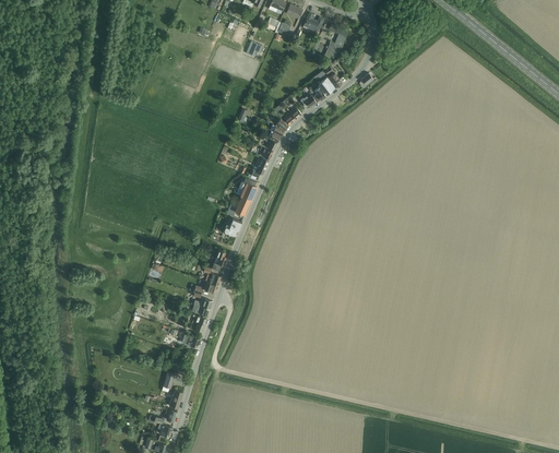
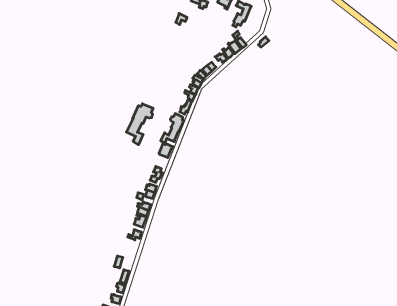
building: none -> [126,104,153,145]

